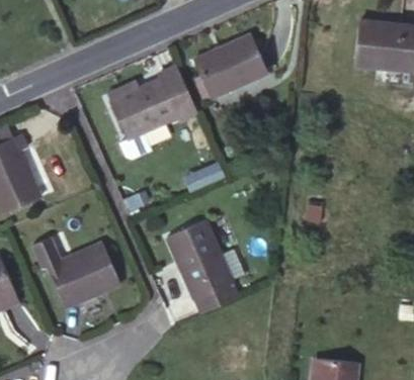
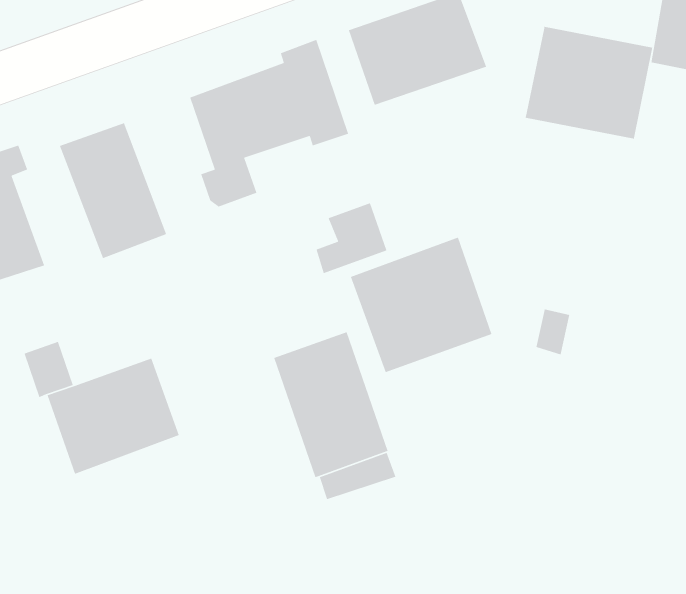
building: none -> [525,26,653,139]
building: none -> [59,122,167,259]
building: none -> [350,236,492,373]

